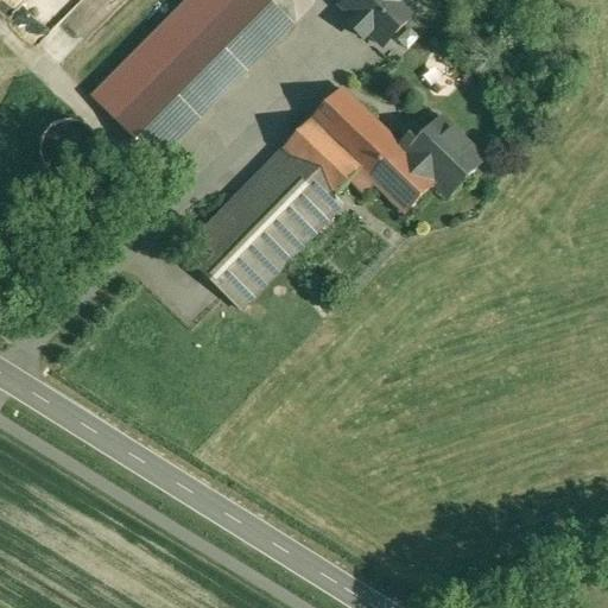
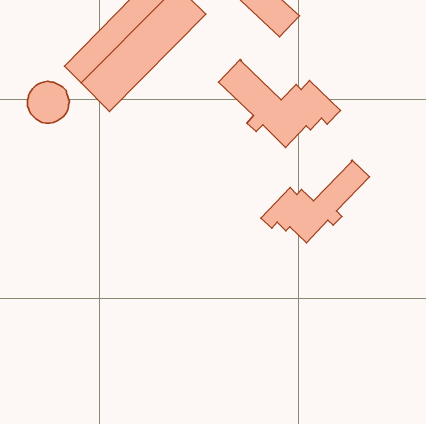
building: [182,116,360,305] -> none
building: none -> [261,160,369,243]

